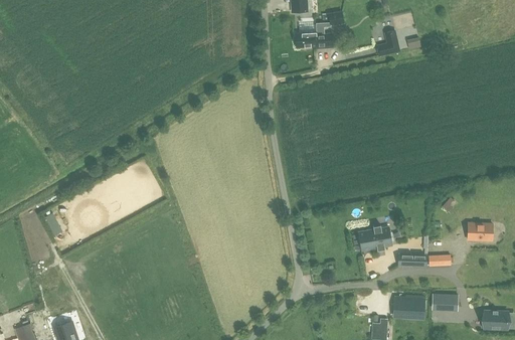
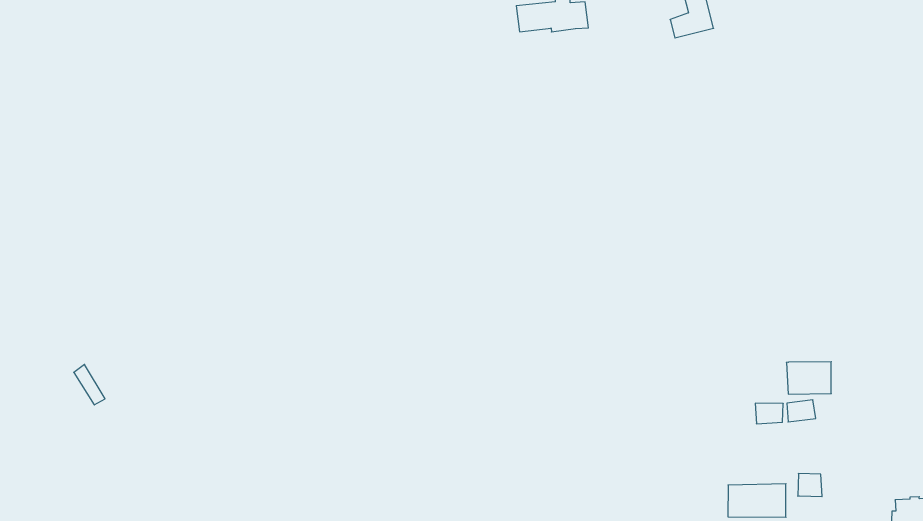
building: [467,221,491,239] -> [786,362,831,394]
building: [363,224,392,249] -> none

